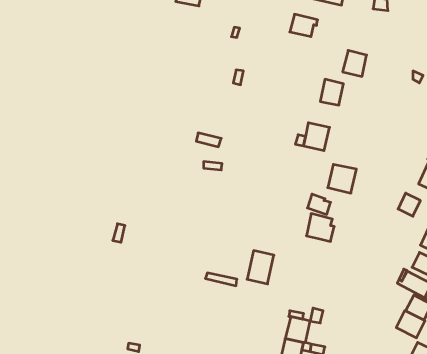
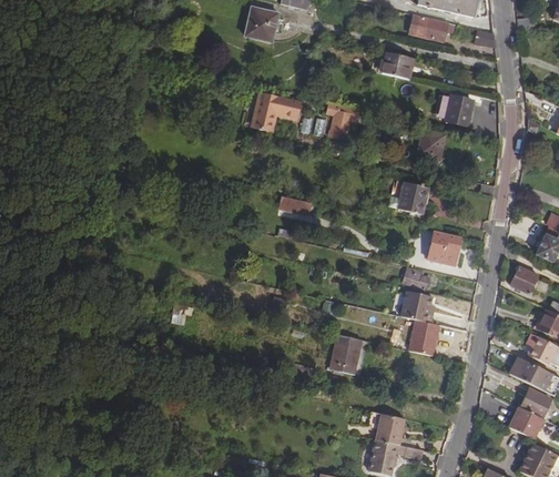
building: none -> [250,91,298,131]
building: none -> [328,109,352,140]
building: none -> [408,319,437,355]

